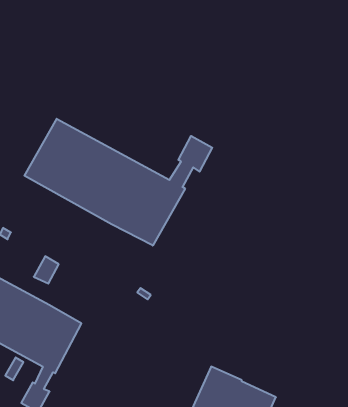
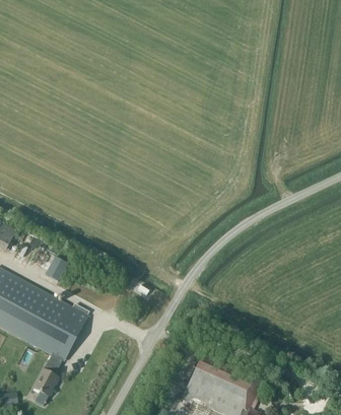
building: [24,119,212,246] -> none

